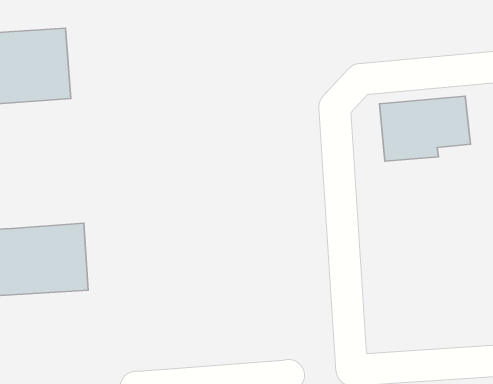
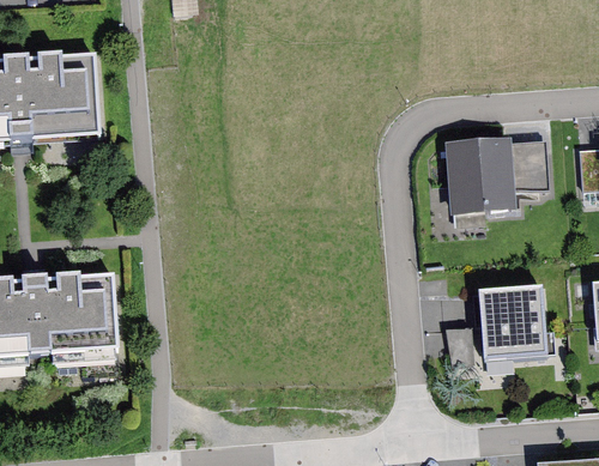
building: none -> [478,289,545,362]

